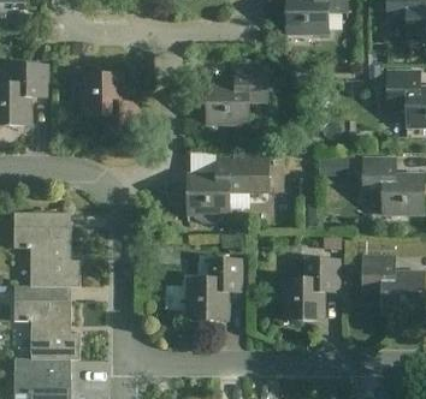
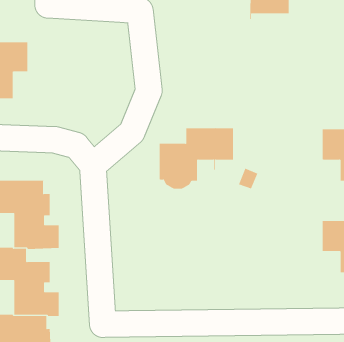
building: [207,66,268,130] -> none
building: [76,73,140,135] -> none
building: [181,258,244,320] -> none
building: [277,258,339,320] -> none

